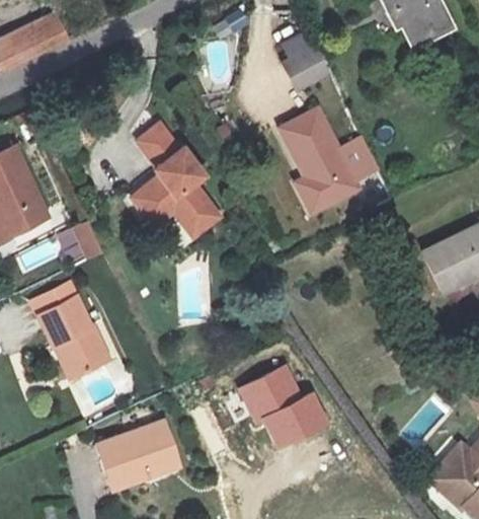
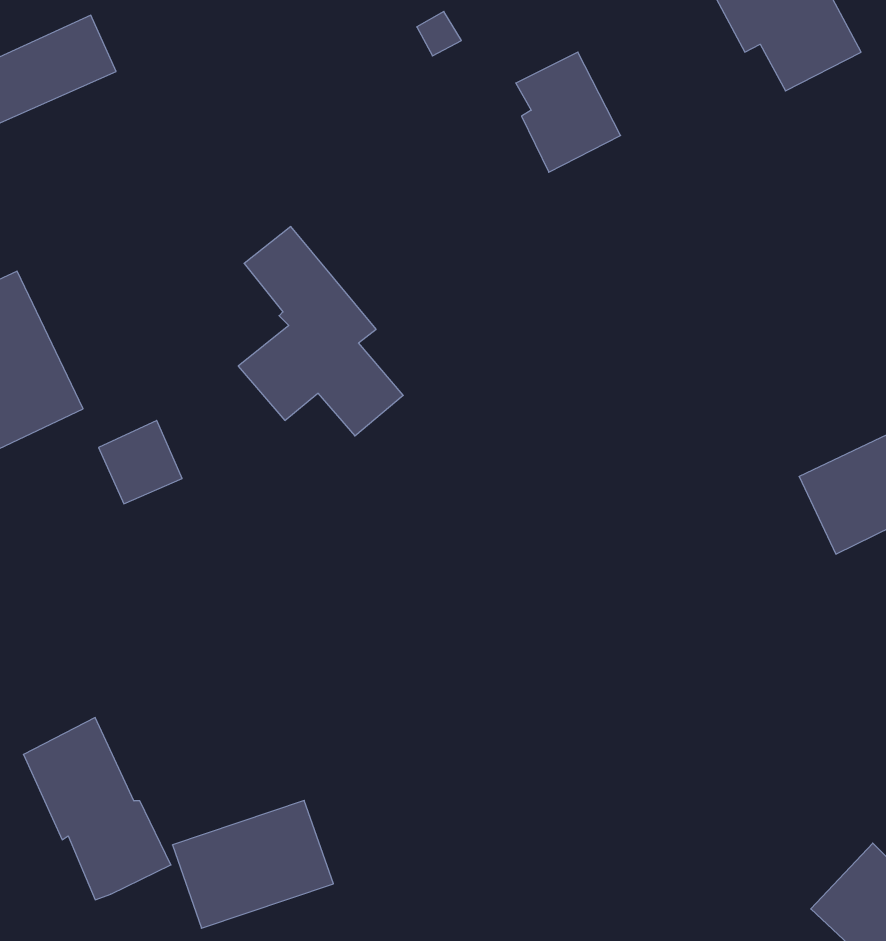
building: [277,106,377,214] -> none
building: [33,281,110,376] -> [23,718,171,900]
building: [243,367,329,449] -> none

